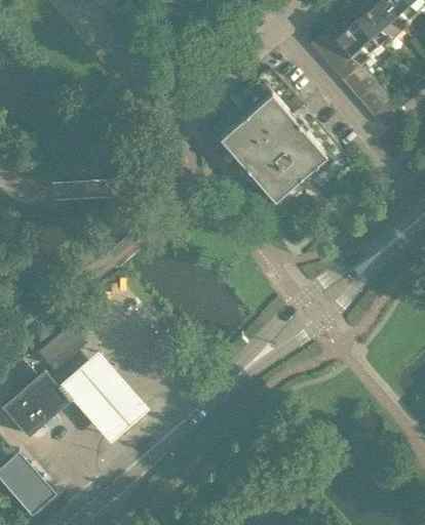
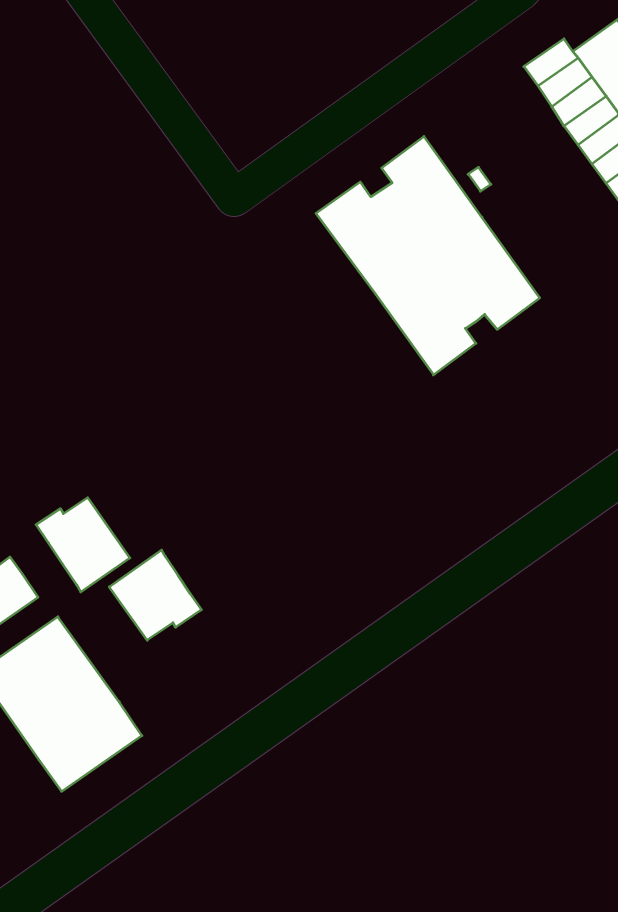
building: none -> [36,498,130,592]
building: none -> [109,550,201,640]

